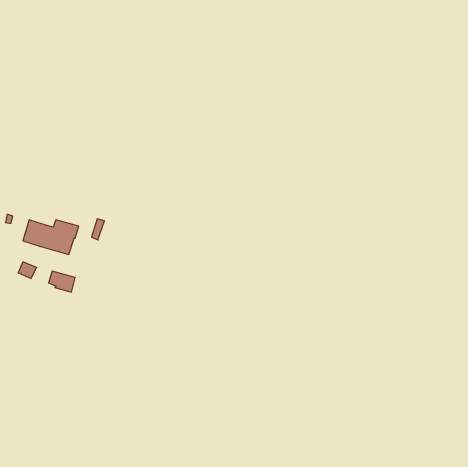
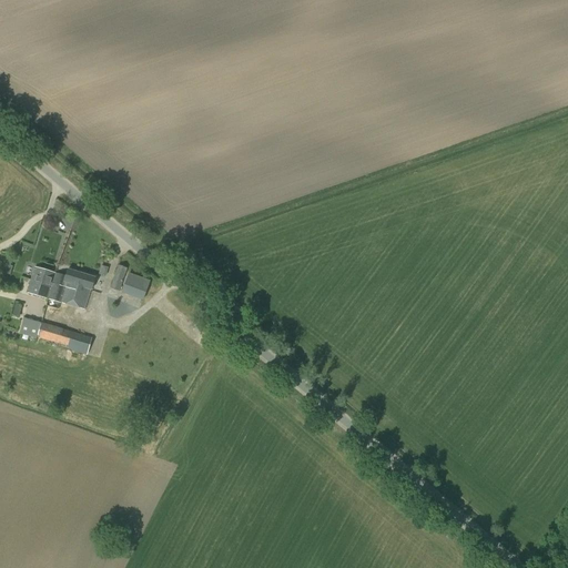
building: none -> [122,273,150,298]

